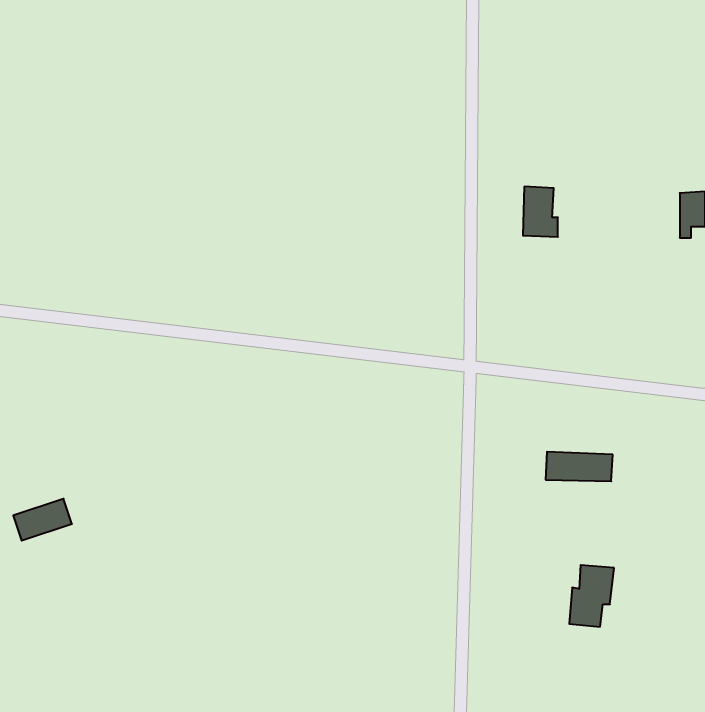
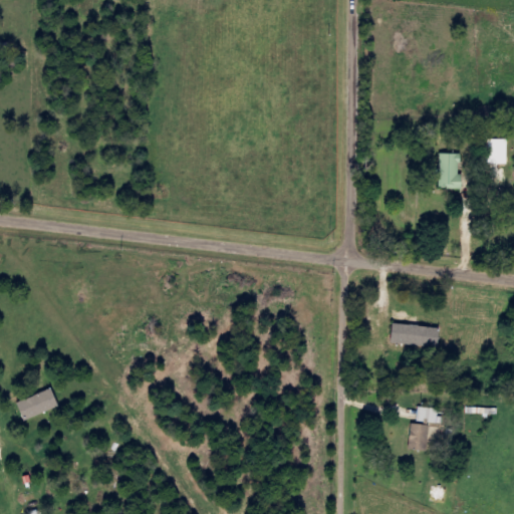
building: [523,187,558,237] -> [437,153,462,189]
building: [13,499,72,541] -> [16,389,58,419]

